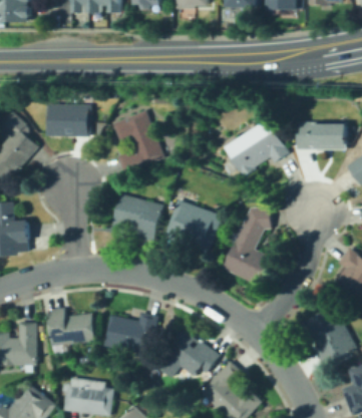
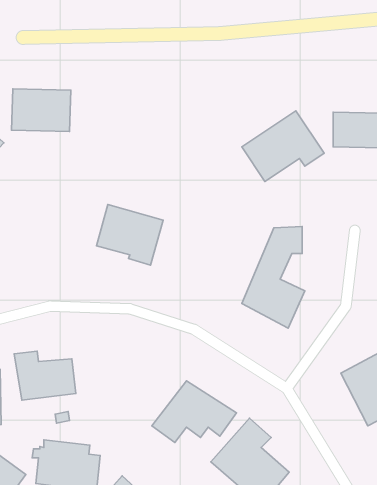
building: [115,111,162,172] -> none
building: [163,198,221,251] -> none
building: [102,311,158,354] -> none

